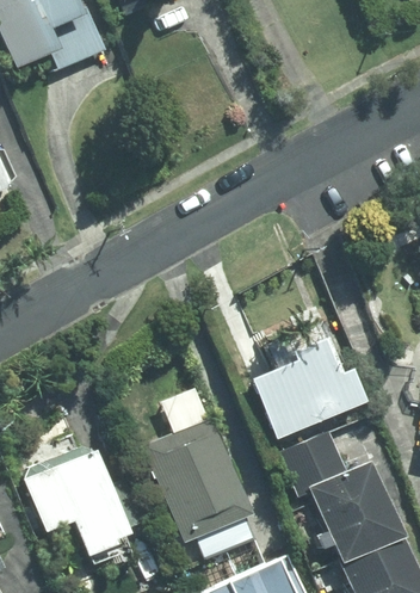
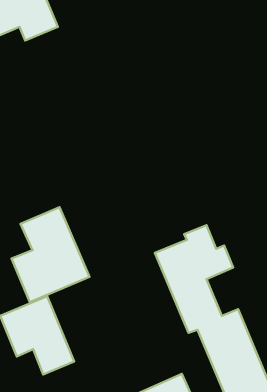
building: none -> [12,207,89,302]
building: [146,416,252,558] -> none

